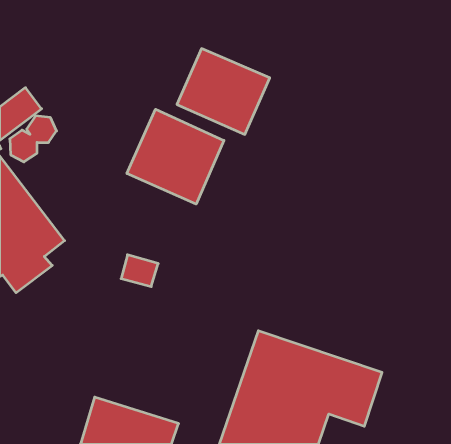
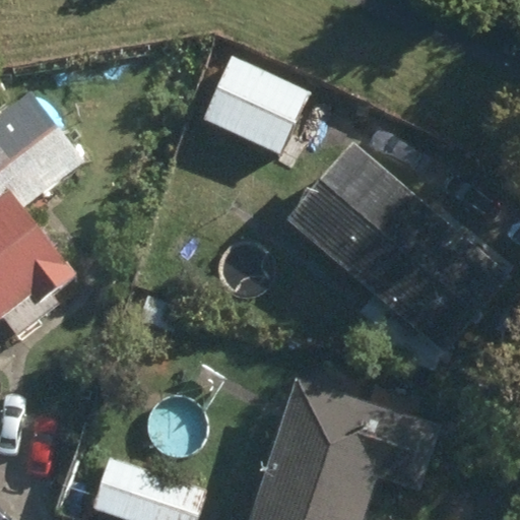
building: [127,109,224,204] -> none
building: none -> [286,146,511,353]

